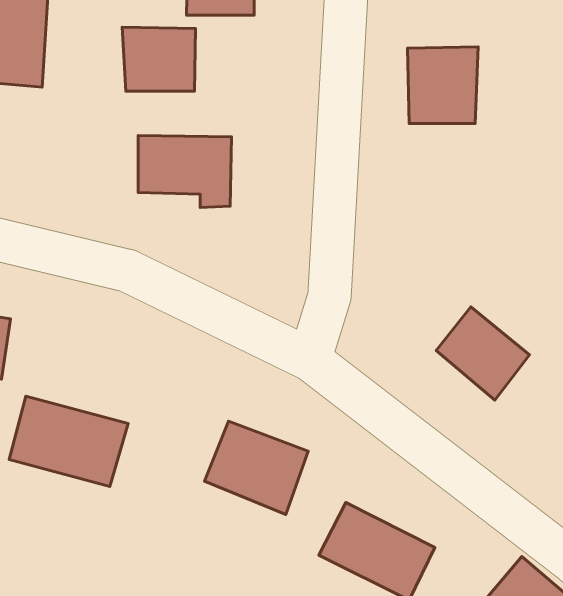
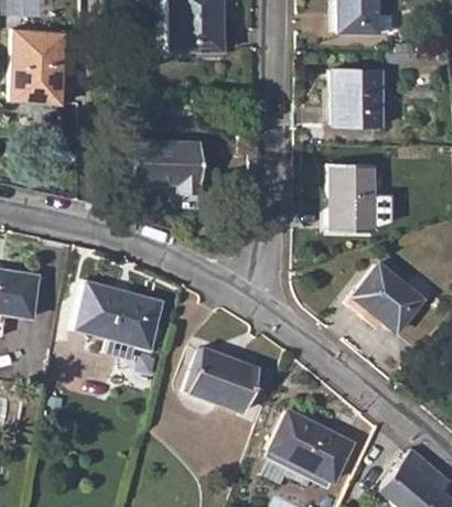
building: [122,27,196,91] -> none
building: none -> [331,166,375,233]
building: [9,396,128,487] -> [75,281,162,347]

